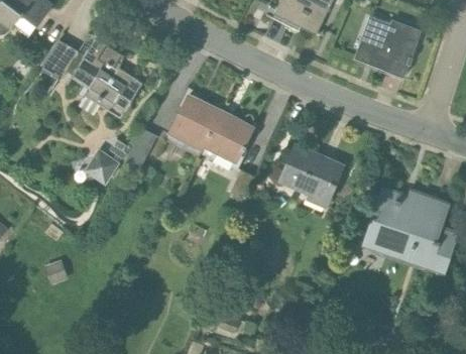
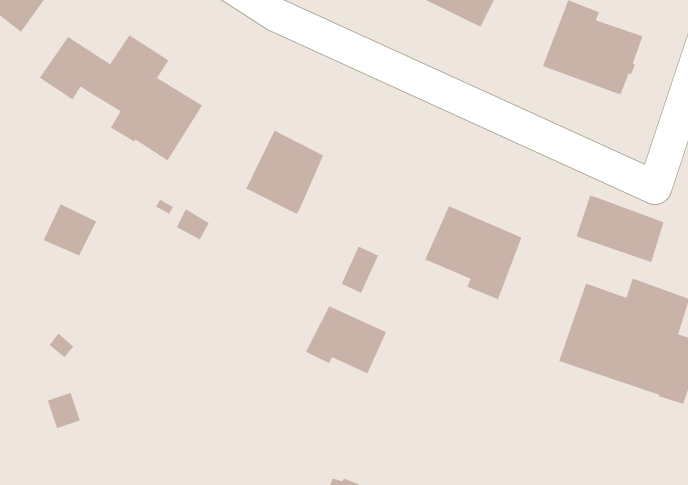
building: [203,109,254,163] -> none
building: none -> [576,195,664,263]
building: [88,145,122,179] -> [42,203,97,256]
building: none -> [305,305,387,374]

